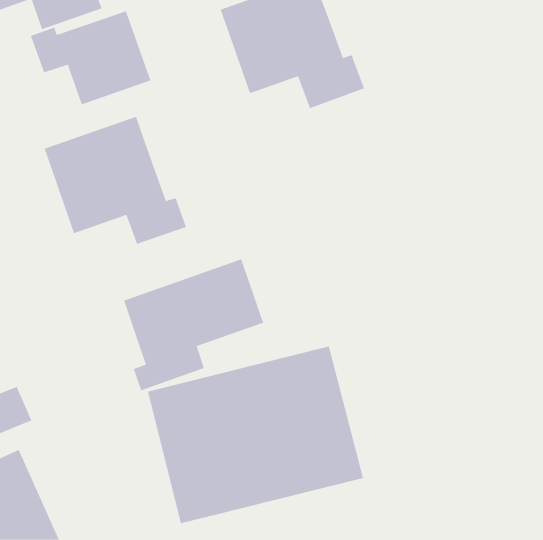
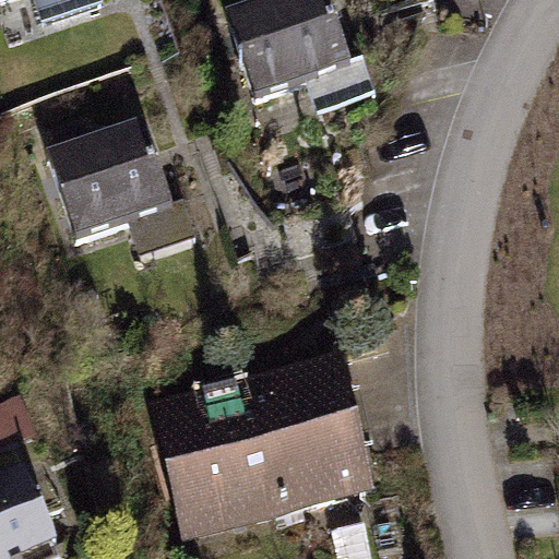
building: [30,10,151,105] -> none
building: [123,258,264,391] -> none

